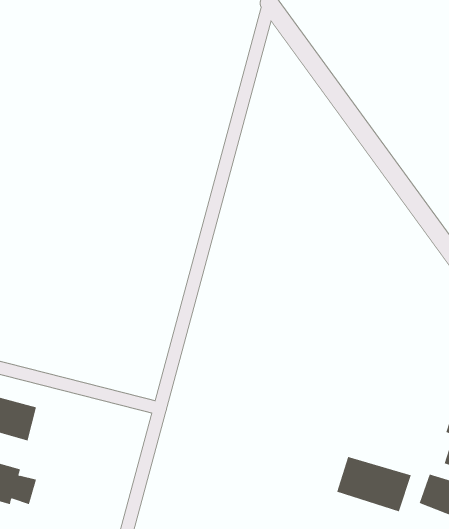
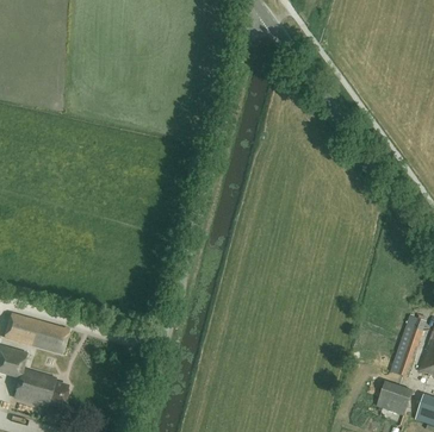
building: [337,456,411,512] -> none

